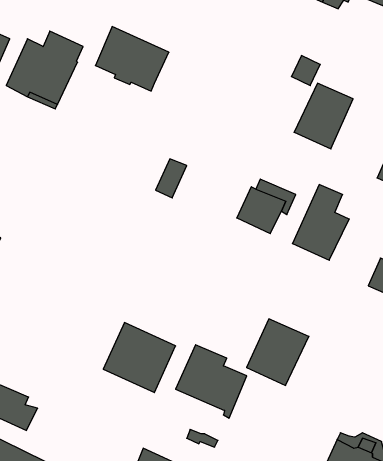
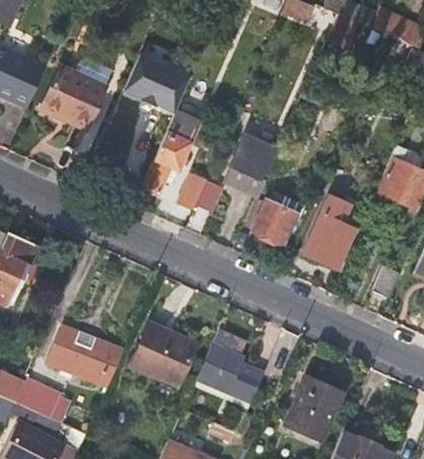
building: [294,83,353,149] -> [223,136,277,196]
building: none -> [141,106,201,195]
building: [247,319,309,385] -> [286,379,343,440]
building: none -> [47,325,122,389]

